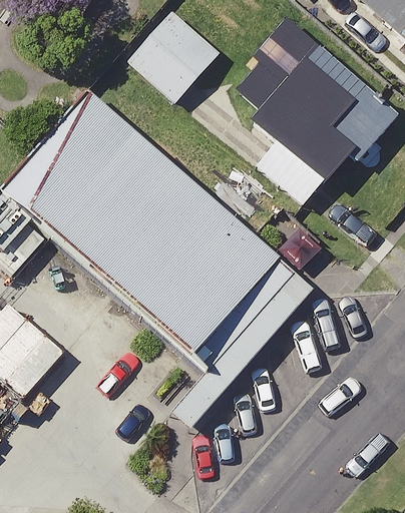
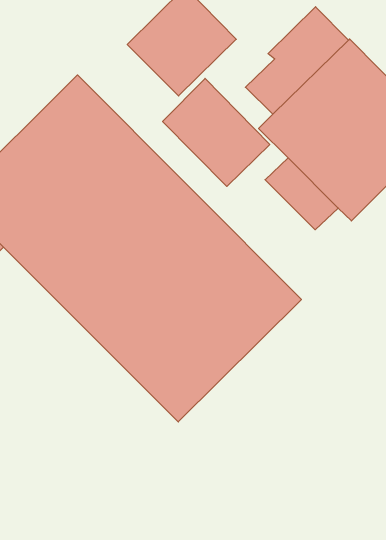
building: none -> [163,78,270,186]

